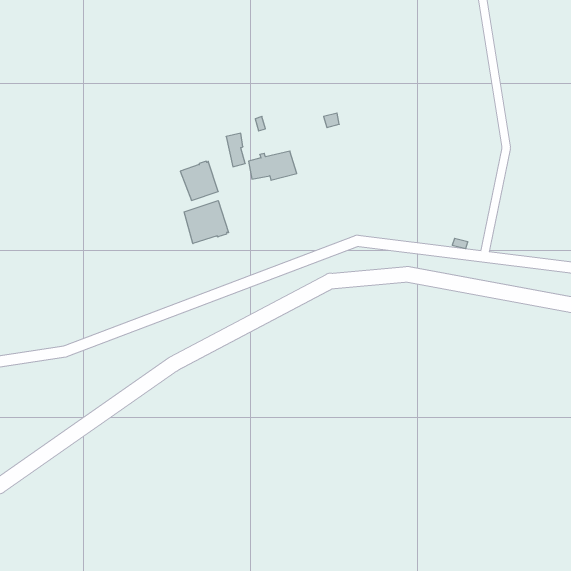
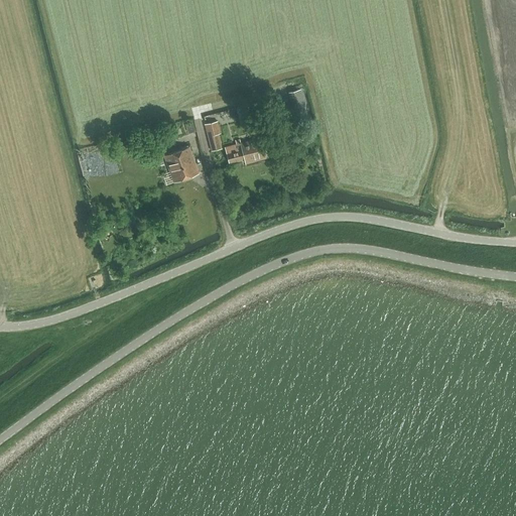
building: [184,201,229,244] -> none

